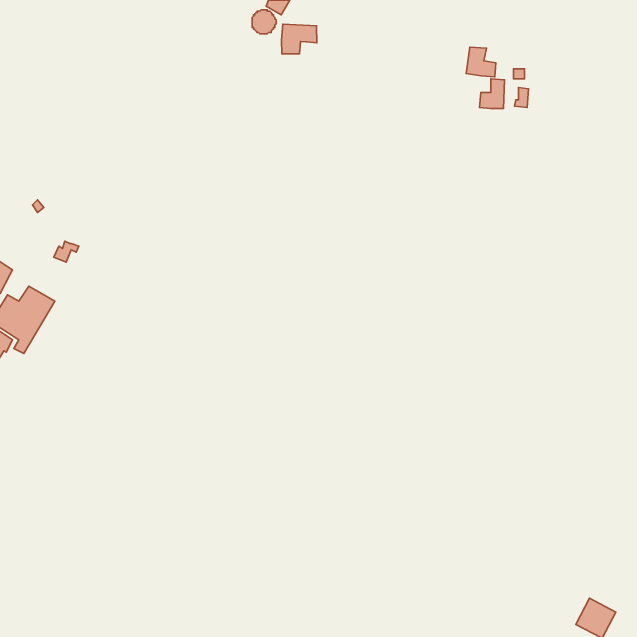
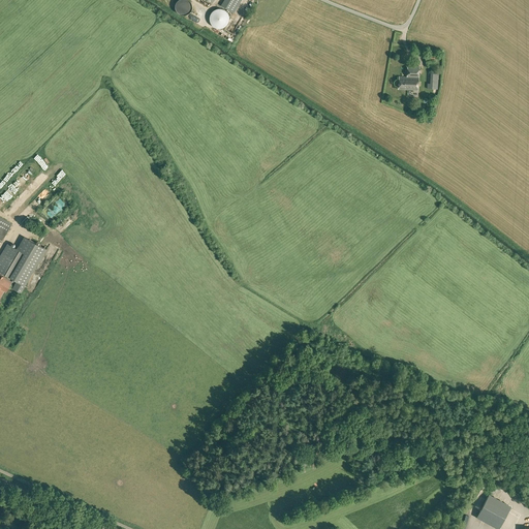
building: [281,24,317,54] -> none
building: [466,47,496,77] -> none

